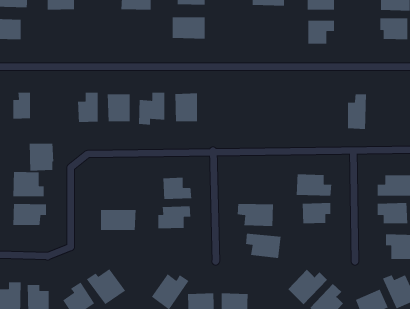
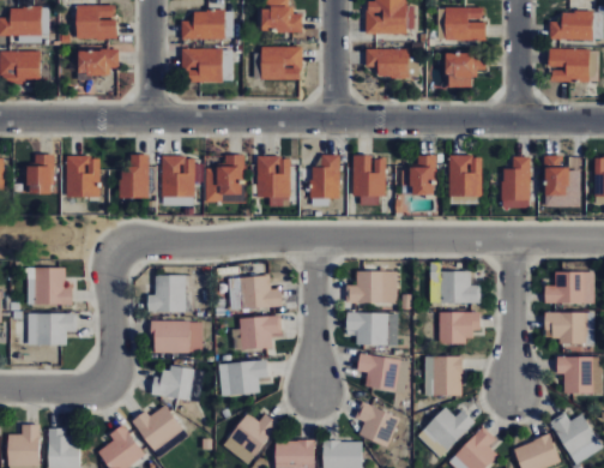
building: none -> [181,48,223,83]
building: none -> [366,48,409,78]
building: none -> [78,49,119,76]
building: none -> [313,154,340,206]
building: none -> [403,155,437,194]
building: none -> [354,156,387,197]
building: none -> [451,156,483,197]
building: none -> [545,156,580,206]
building: [29,143,54,171] -> [66,157,102,198]
building: none -> [346,271,398,304]
building: none -> [149,275,187,313]
building: none -> [425,356,463,396]
building: none -> [219,359,268,397]
building: none -> [152,367,195,400]
building: none -> [356,403,399,446]

